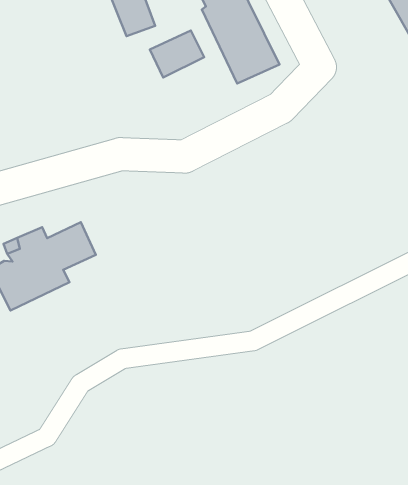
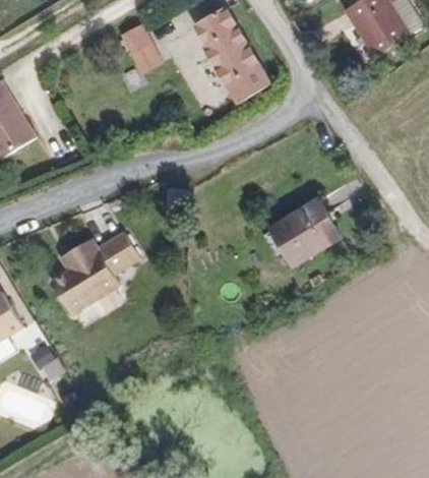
building: [150,30,204,78] -> none
building: none -> [265,203,332,268]

